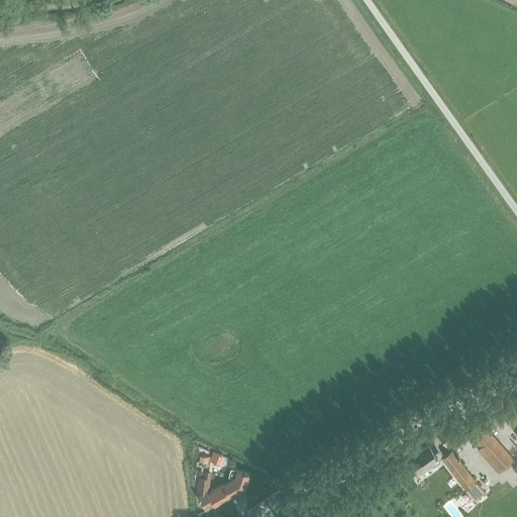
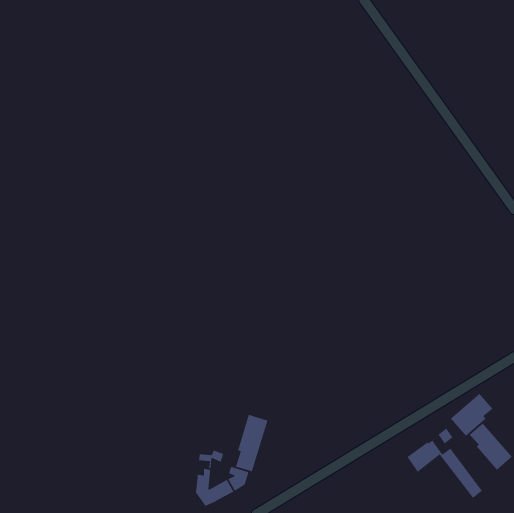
building: none -> [450,393,494,437]
building: none -> [235,414,269,472]

